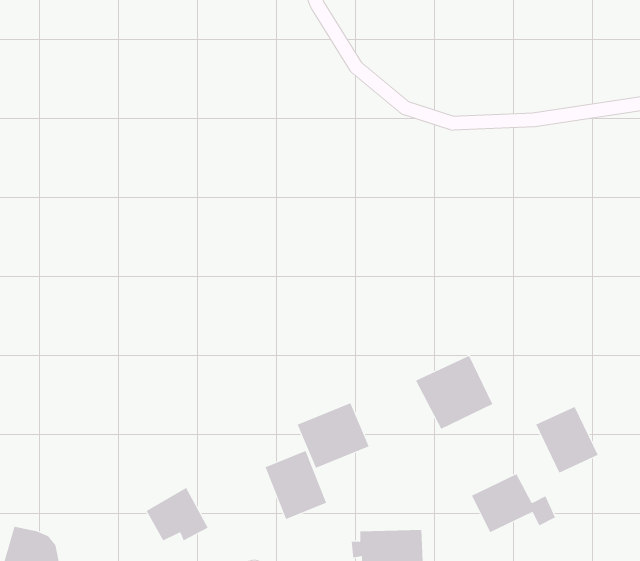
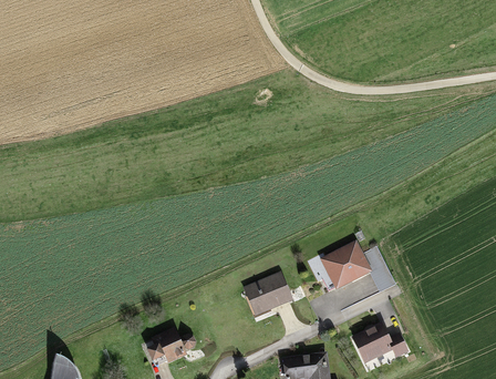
building: [535,406,598,473] -> none
building: [265,450,327,520] -> none

